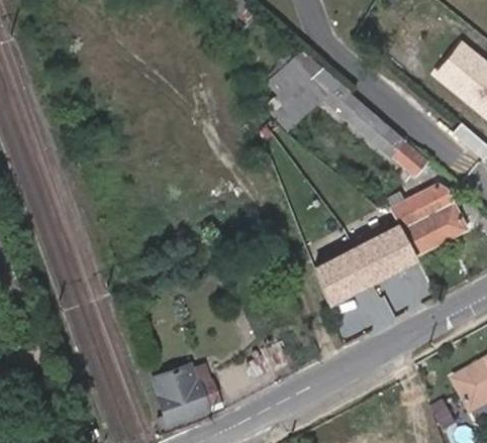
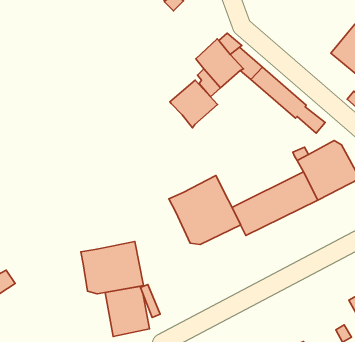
building: none -> [170,80,217,128]
building: none -> [169,175,241,244]
building: none -> [81,241,144,294]

